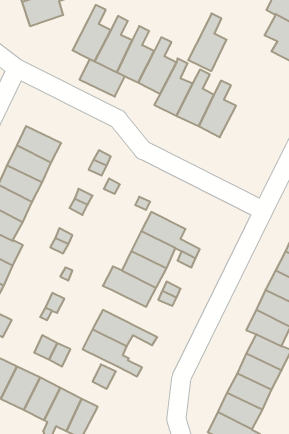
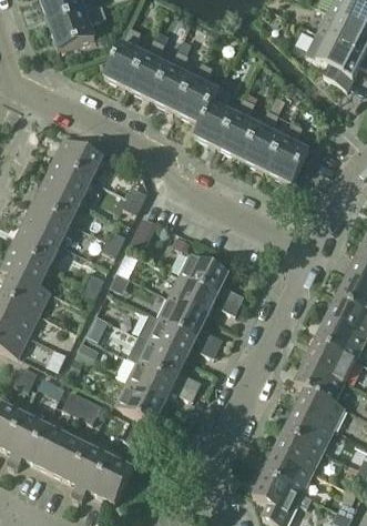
building: [188,13,227,71] -> [266,120,308,183]
building: [79,59,125,97] -> [53,136,103,178]
building: none -> [137,338,202,391]

